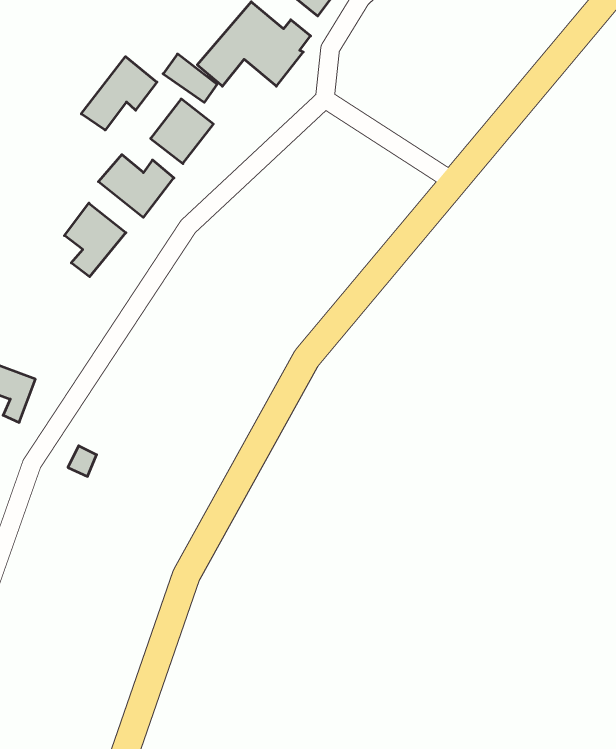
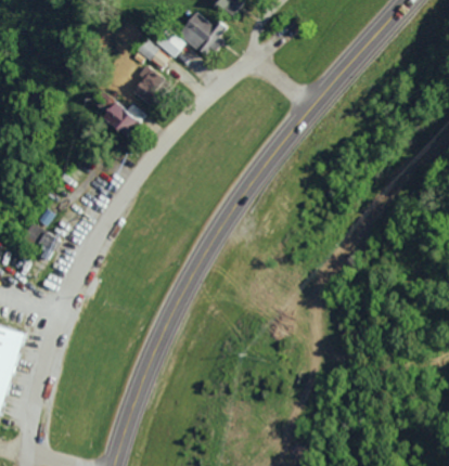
building: [81,57,157,130] -> none
building: [64,203,126,277] -> none

